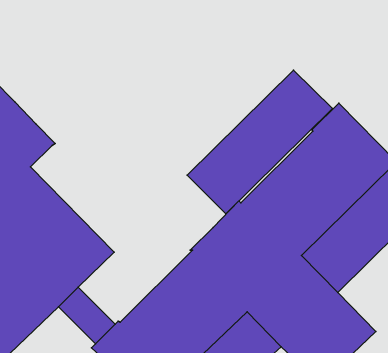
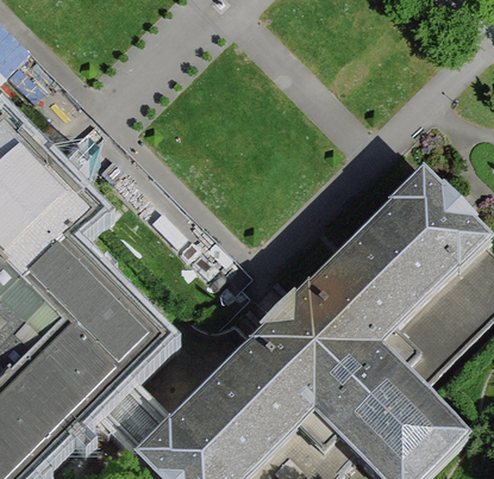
building: [187,70,332,214] -> none

